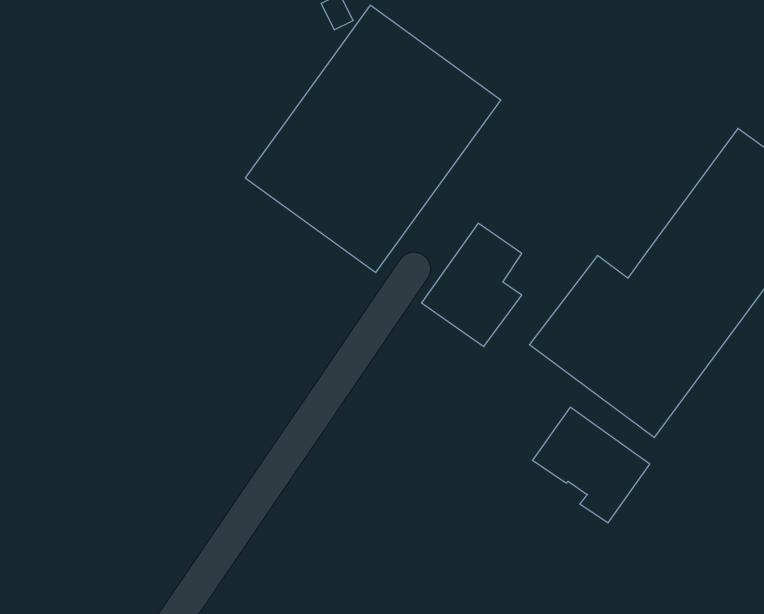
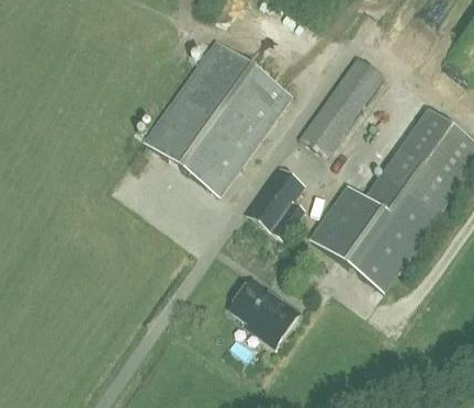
building: none -> [300,57,384,157]
building: [532,407,650,523] -> [232,277,300,344]

